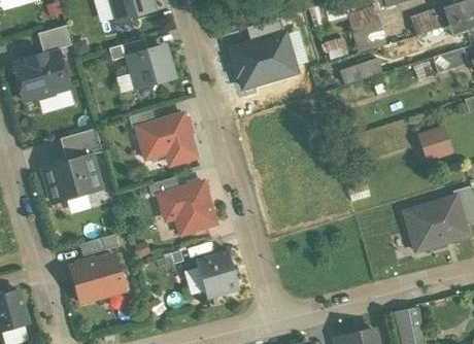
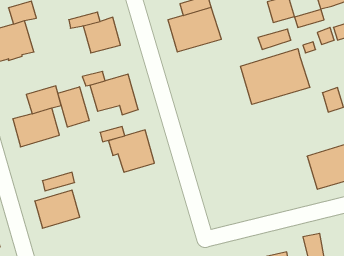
building: none -> [240,49,310,104]
building: none -> [58,87,89,127]
building: [196,249,239,299] -> none

